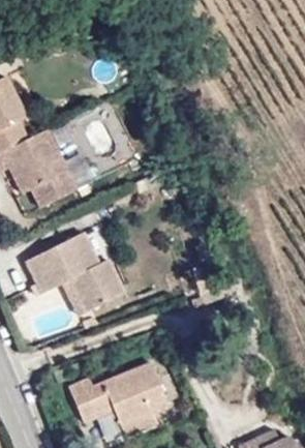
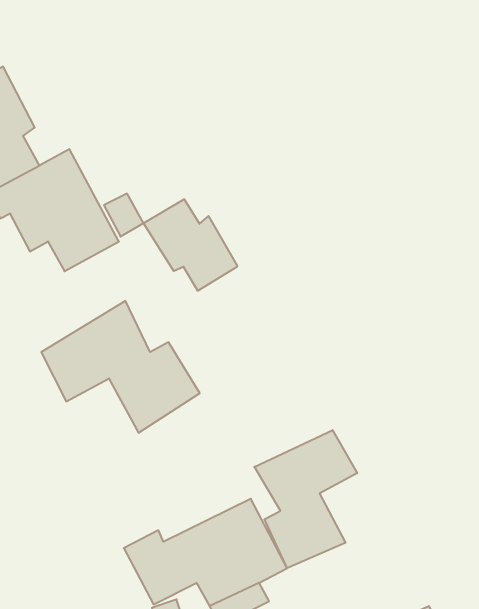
building: none -> [144,199,237,291]
building: none -> [254,430,357,568]

